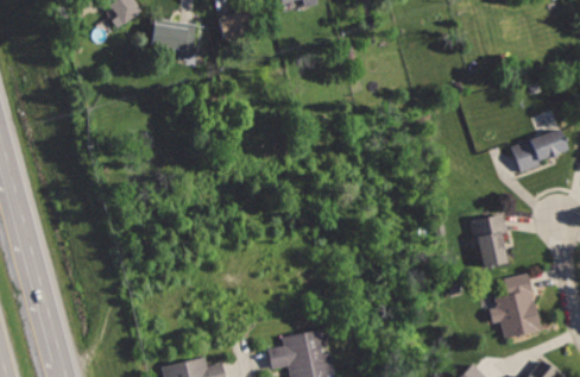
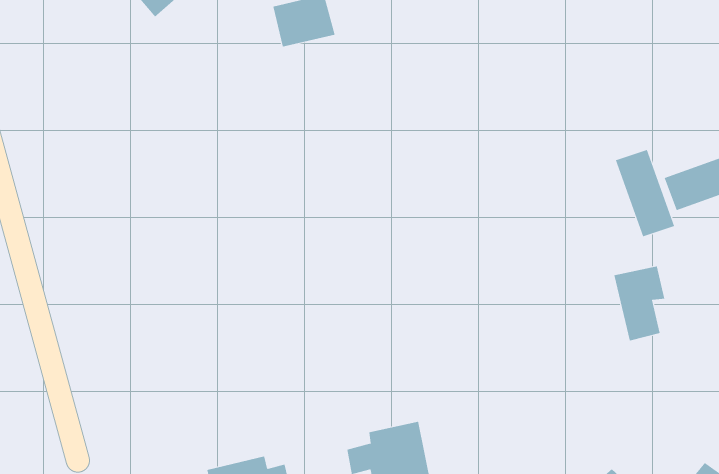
building: [152,19,200,63] -> none
building: none -> [615,149,675,237]
building: [484,270,542,337] -> none

